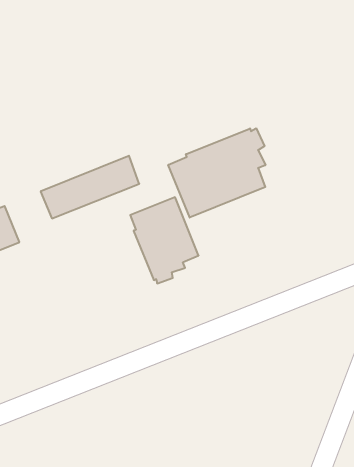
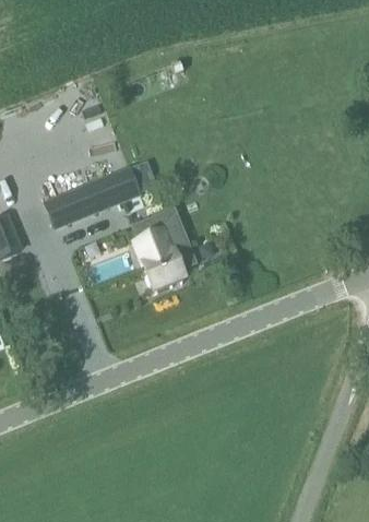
building: [168,128,265,218] -> none

